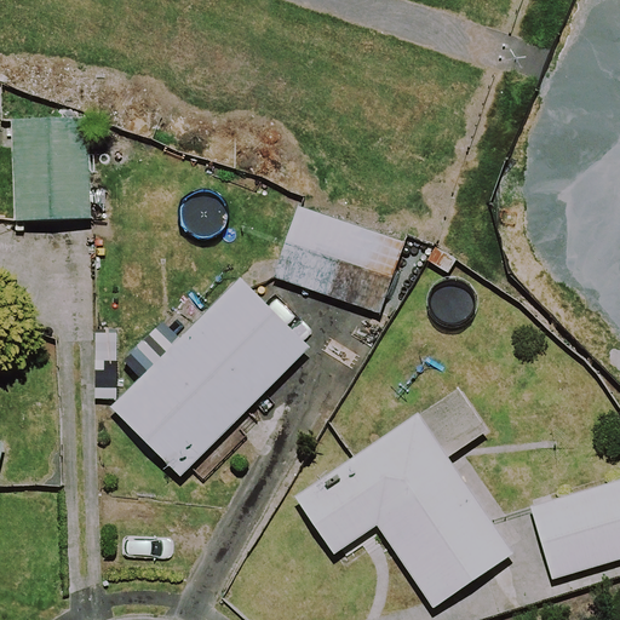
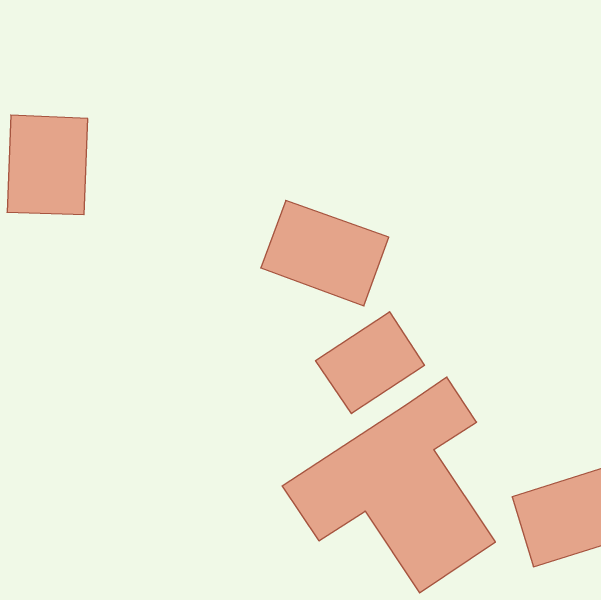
building: [111,280,308,475] -> none
building: none -> [316,312,424,414]

